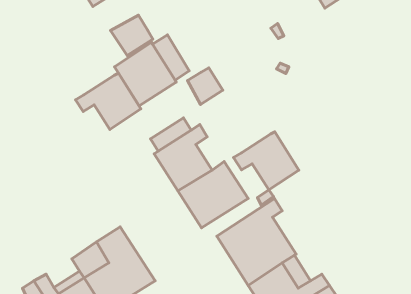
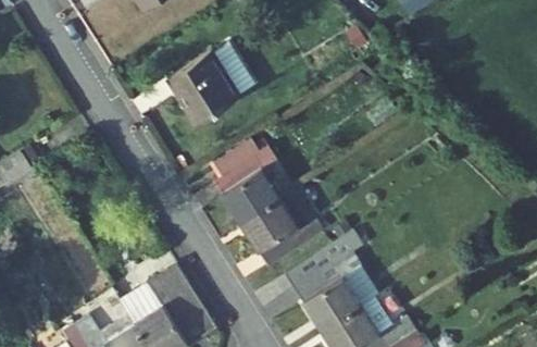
building: [111,15,153,56] -> none
building: [188,68,223,104] -> none
building: [76,73,141,129] -> none
building: [233,132,299,190] -> none

